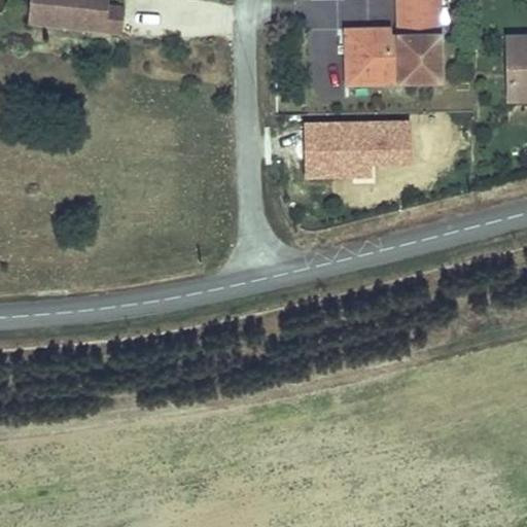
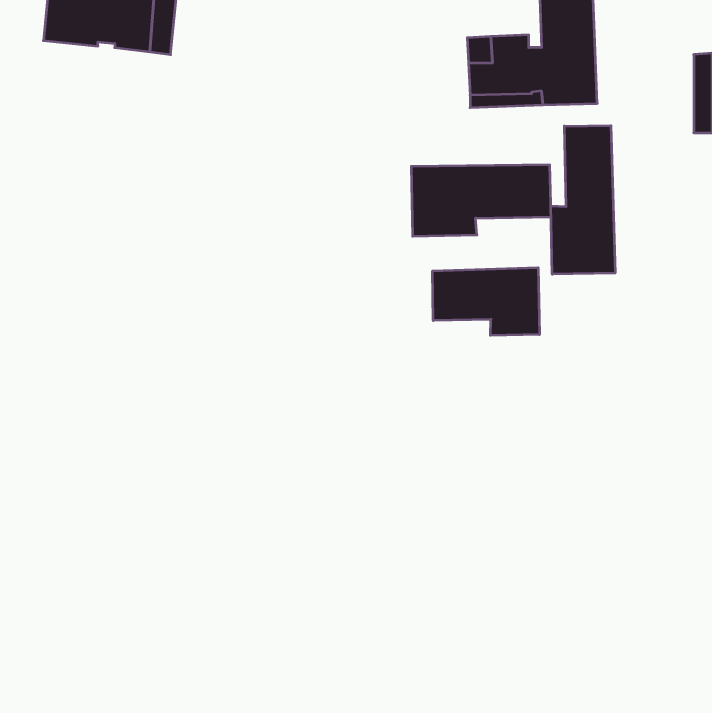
building: none -> [551,126,615,274]
building: none -> [433,268,539,335]

